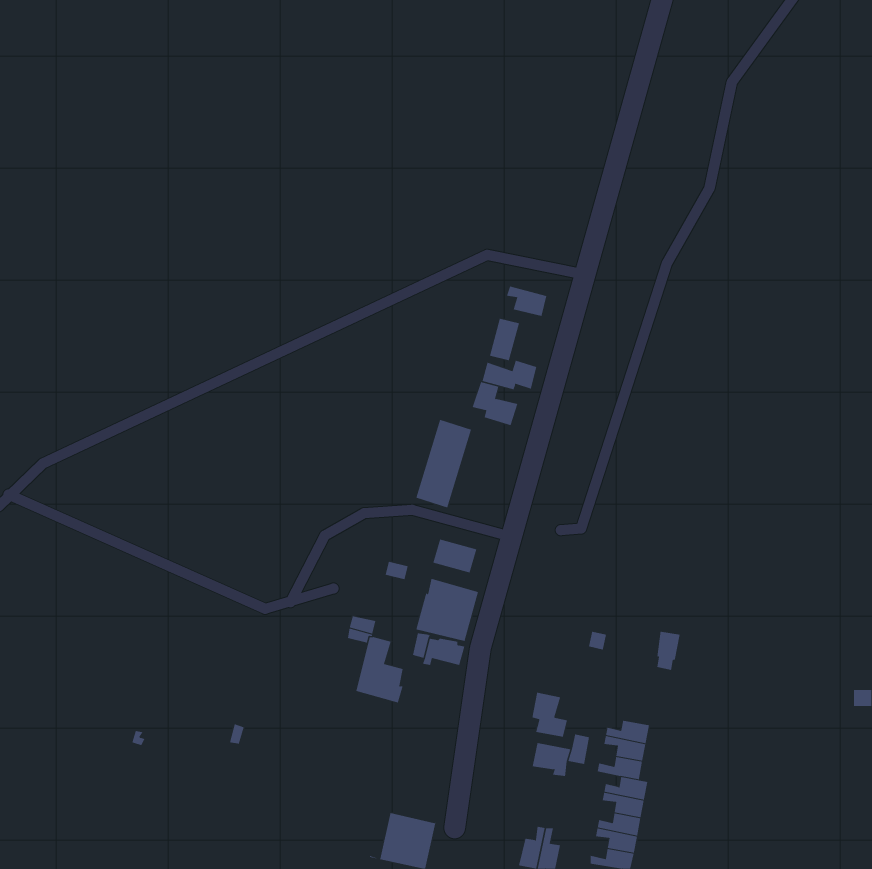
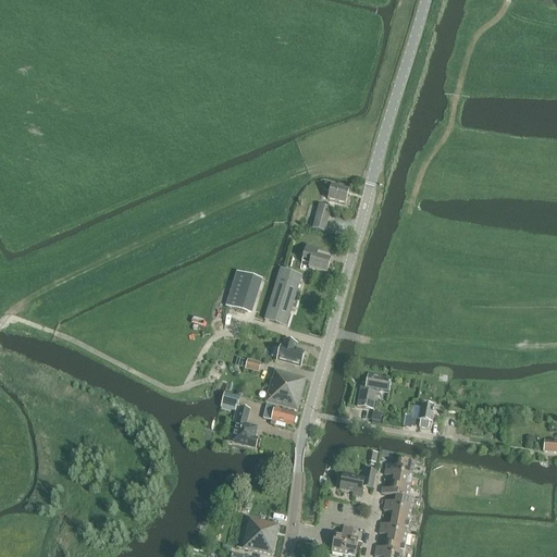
building: [482,360,537,390] -> none
building: none -> [224,271,261,312]
building: none -> [356,374,391,407]
building: [532,692,568,737] -> none

